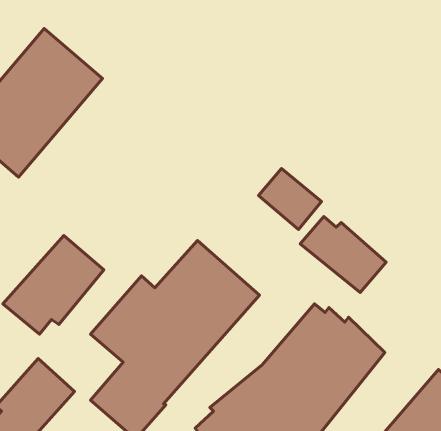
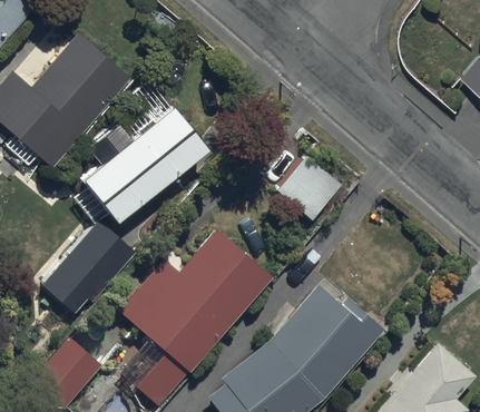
building: none -> [79,106,207,224]
building: [300,217,386,293] -> none

